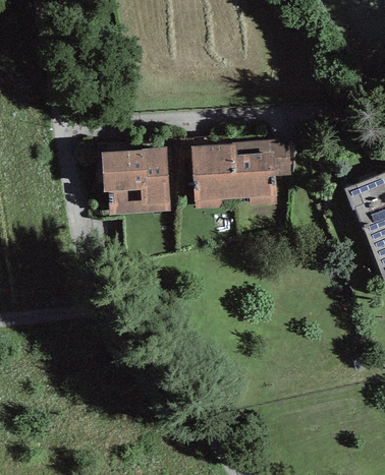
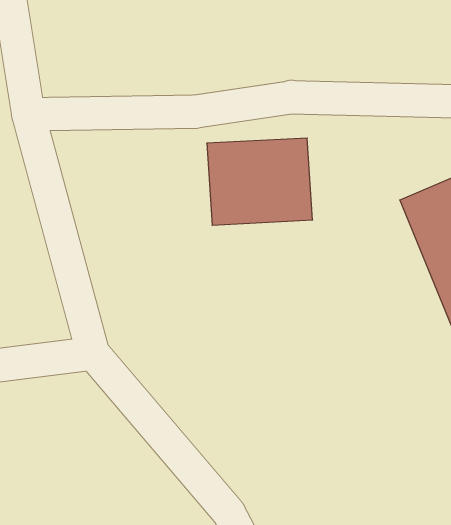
building: [102,151,171,216] -> none

